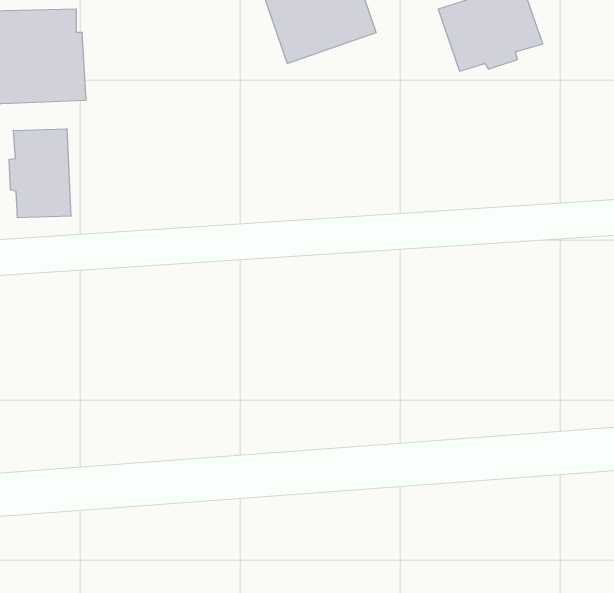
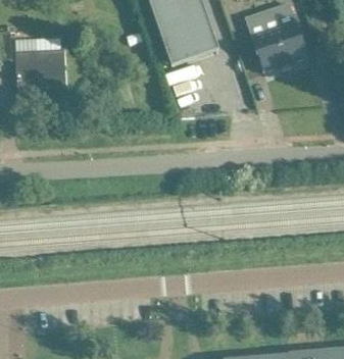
building: [9,129,71,218] -> none

